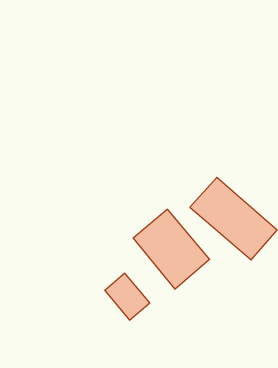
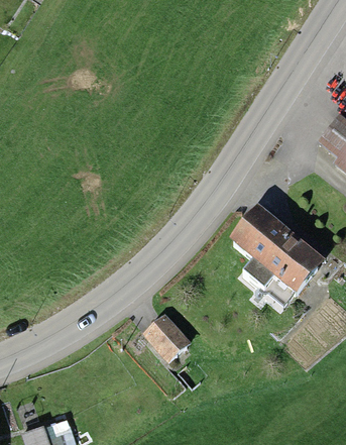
building: [133,209,210,289] -> none

